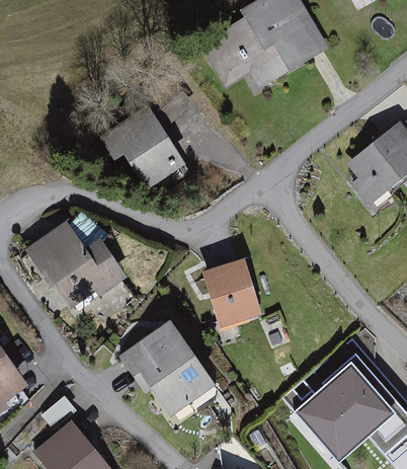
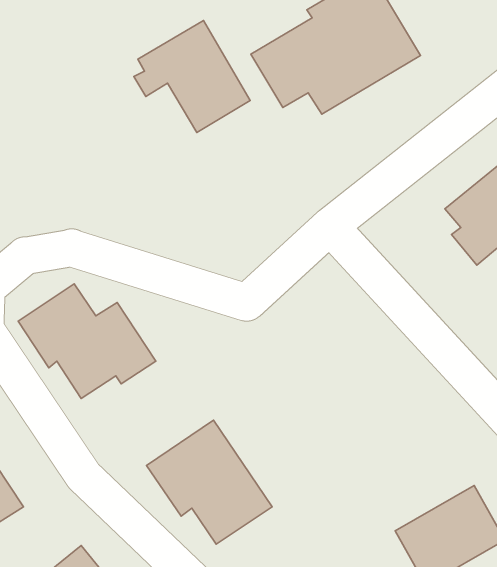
building: [97,107,185,192] -> [134,20,250,133]
building: [202,258,263,330] -> none

